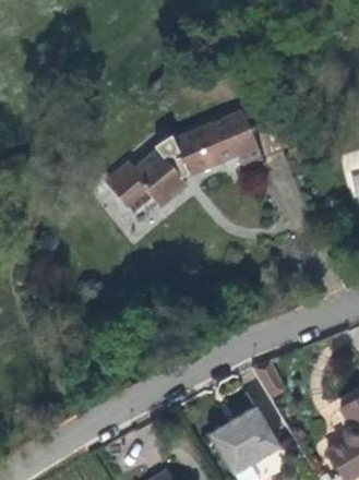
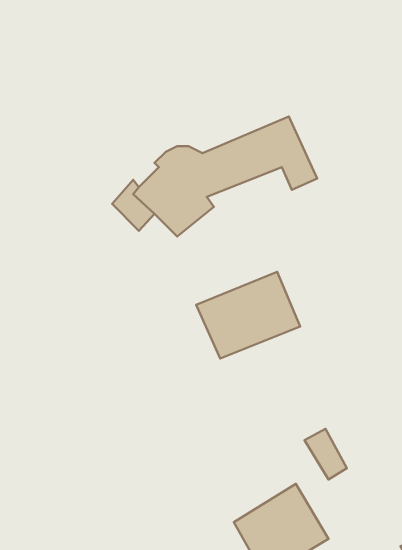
building: none -> [196,272,300,358]

